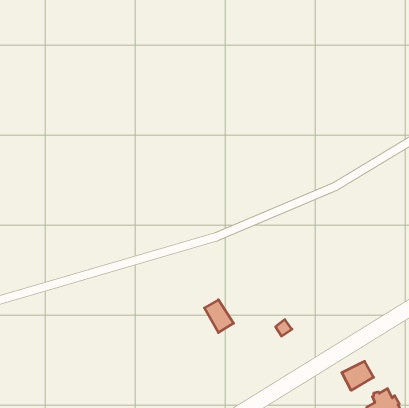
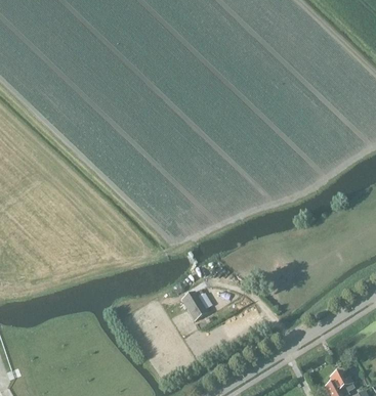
building: [342,361,374,390] -> none

